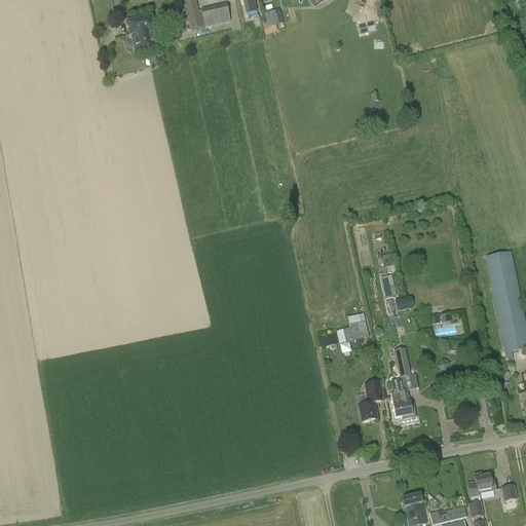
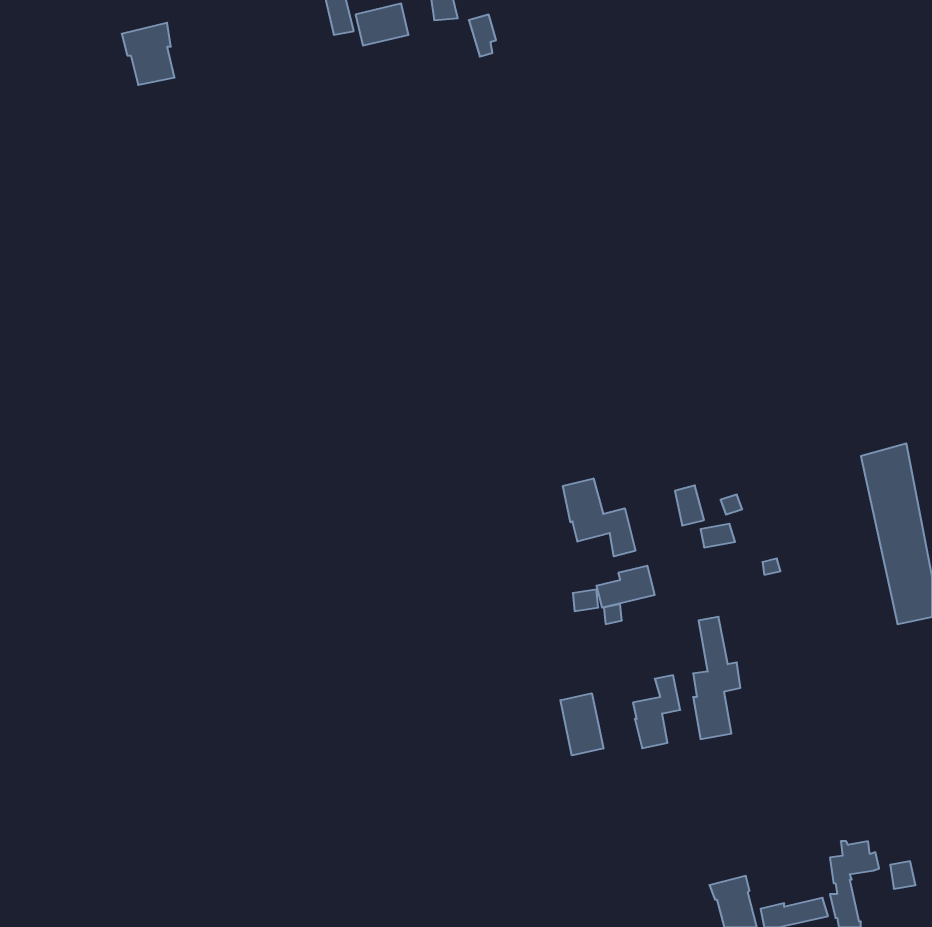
building: [126,14,156,49] -> [122,23,175,85]
building: none -> [563,478,635,556]
building: none -> [560,693,603,755]

